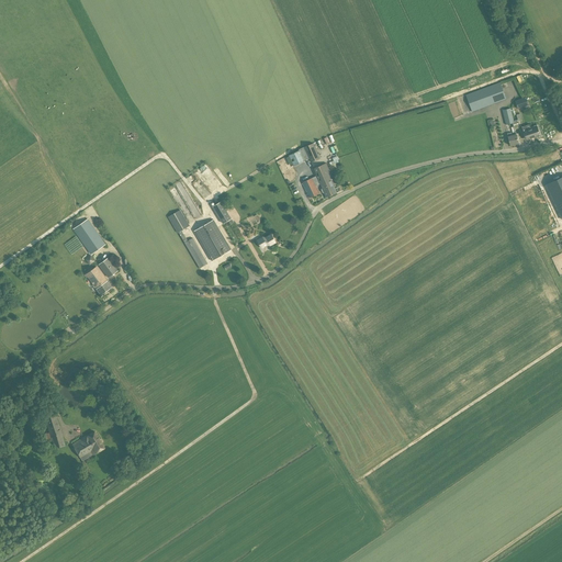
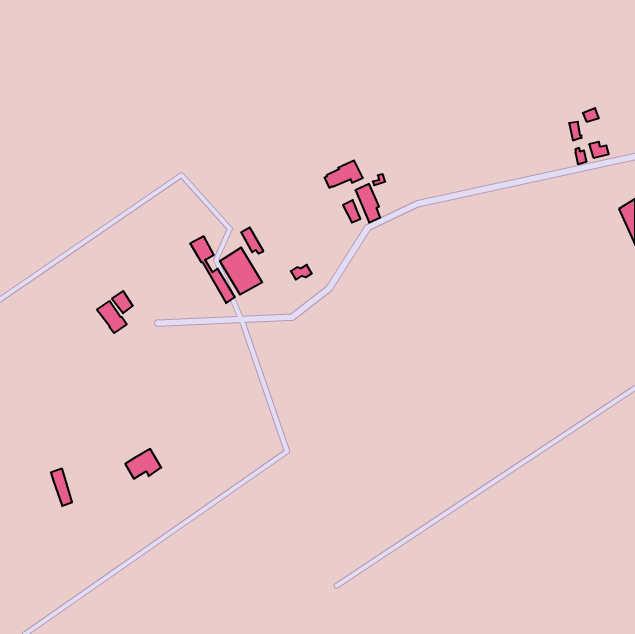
building: [465,81,506,111] -> none
building: [74,218,105,254] -> none
building: [72,430,104,457] -> [125,449,161,479]

